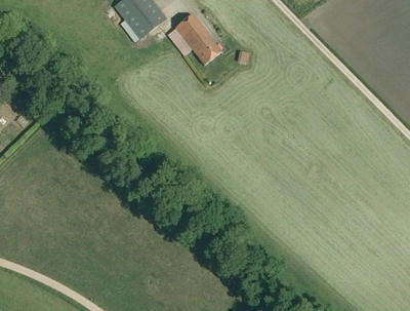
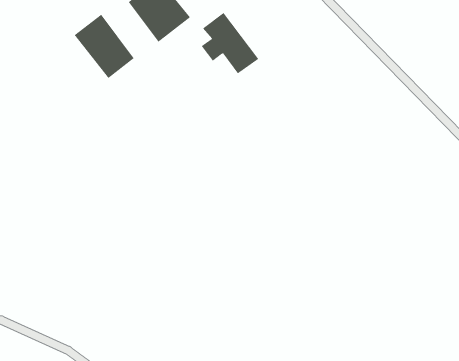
building: none -> [74,14,134,79]

